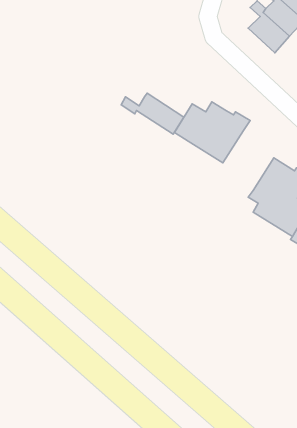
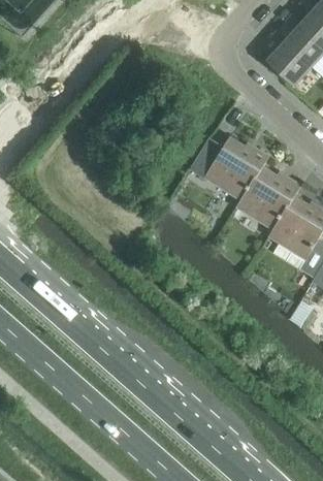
building: [121,93,184,134] -> none
building: none -> [236,166,300,229]

